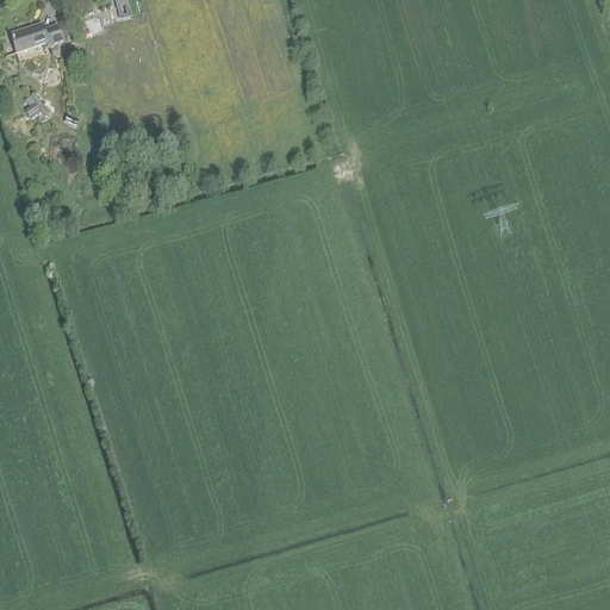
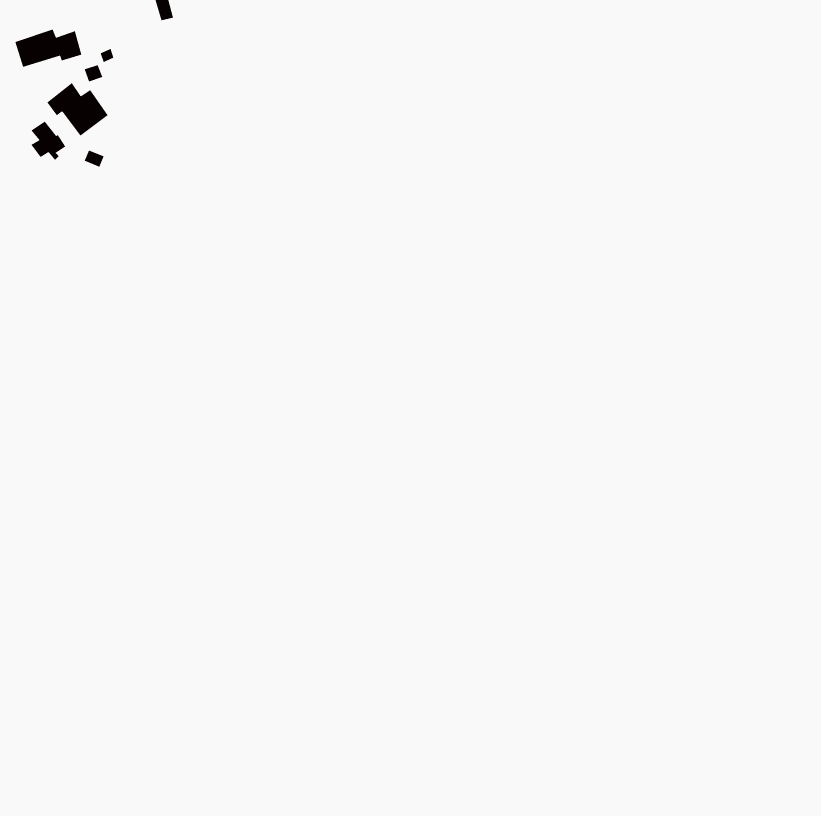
building: none -> [46,82,108,136]

